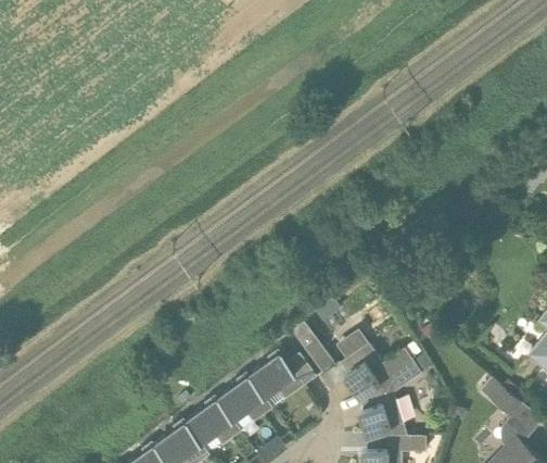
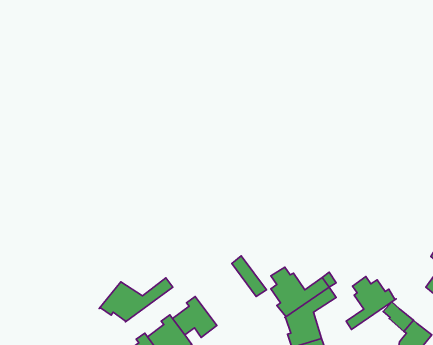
building: none -> [346,276,396,329]
building: [250,348,317,399] -> none
building: none -> [99,278,173,322]

